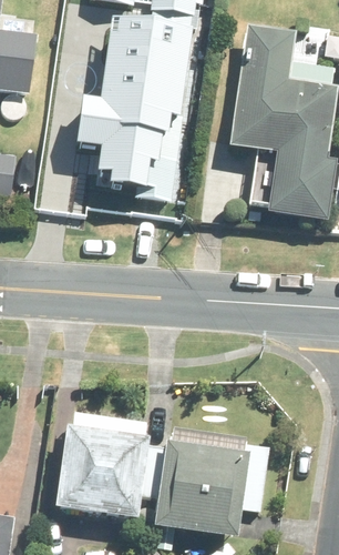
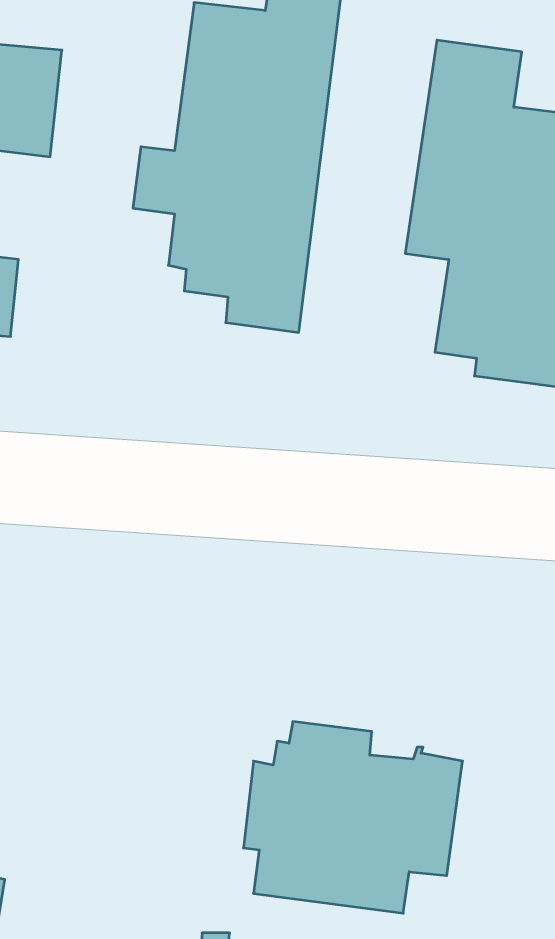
building: [48,406,147,512] -> none

